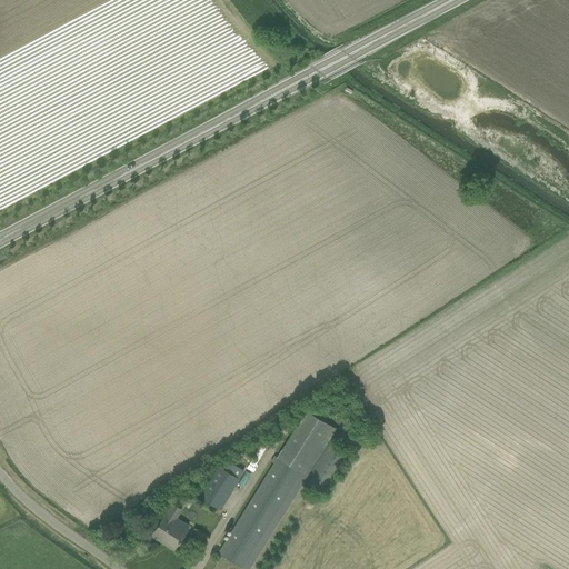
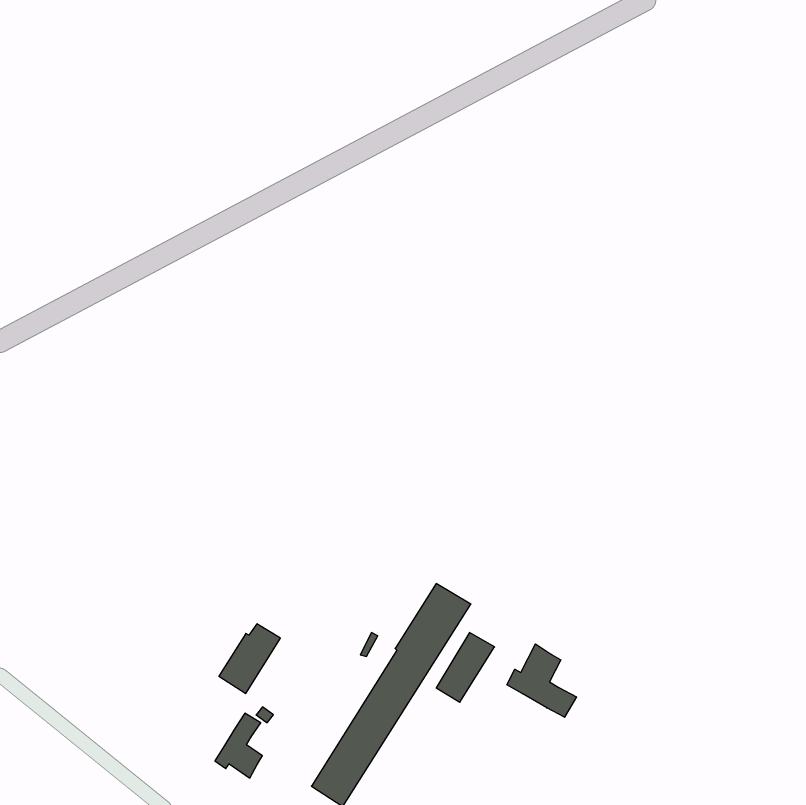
building: none -> [507,644,577,717]
building: [202,462,246,511] -> [219,624,280,694]

